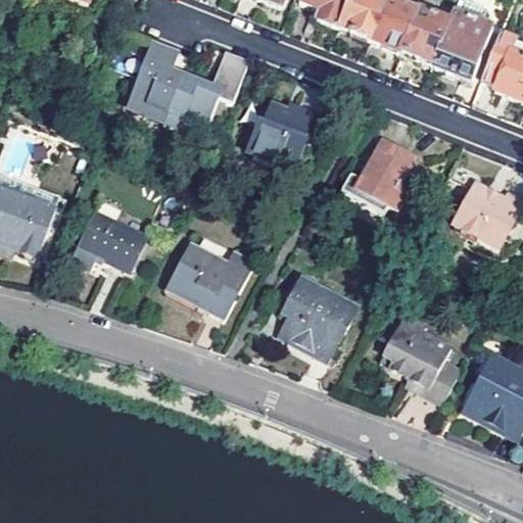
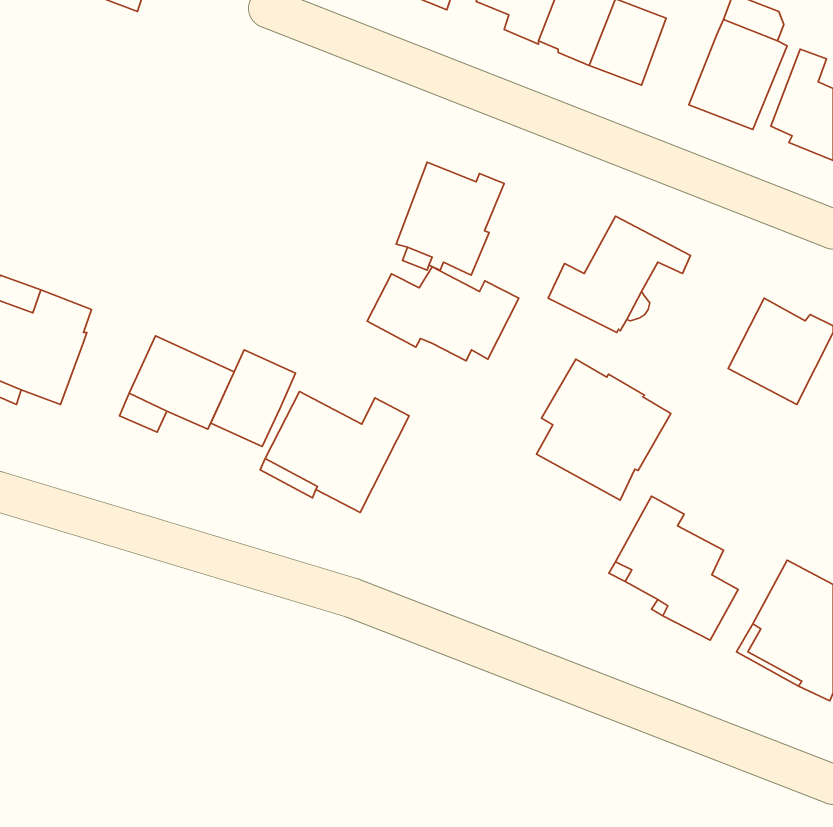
building: [400,9,447,65] -> none
building: [125,40,251,130] -> none
building: none -> [367,267,519,361]
building: none -> [211,350,295,447]
building: [274,273,358,361] -> [537,359,671,500]

